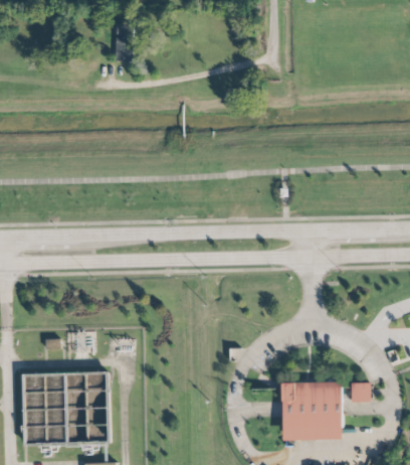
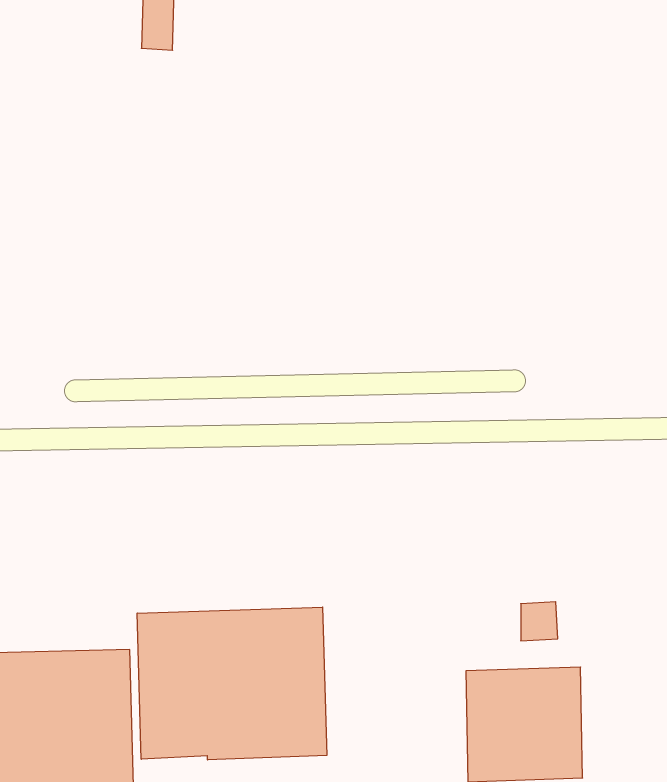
building: none -> [137,607,327,760]
building: [351,382,370,403] -> [521,602,558,641]

